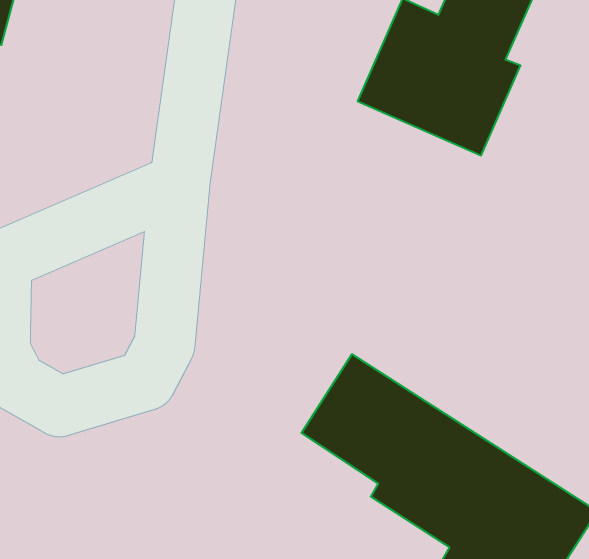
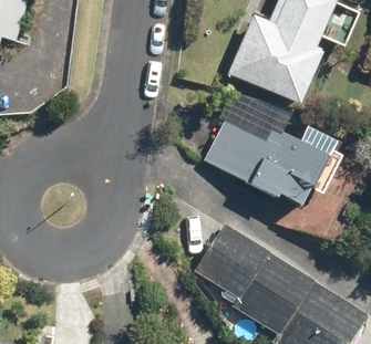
building: none -> [203,116,329,205]

